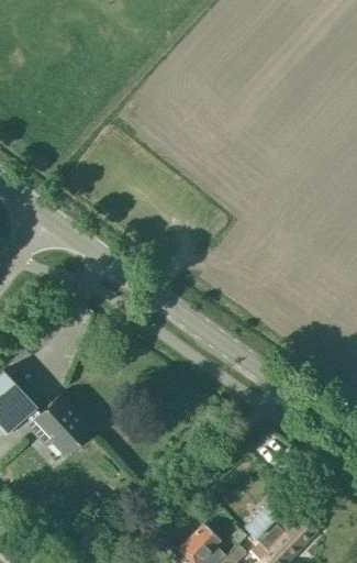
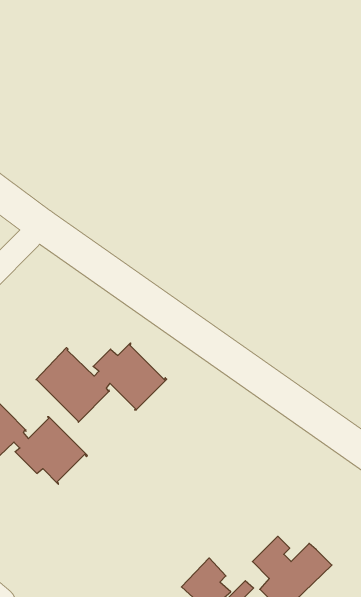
building: none -> [36,343,167,422]

